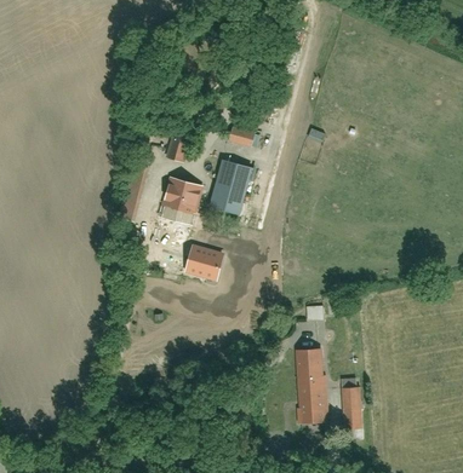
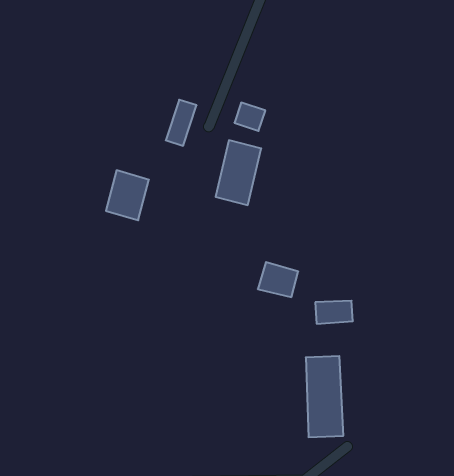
building: [160,177,199,221] -> [106,170,149,220]
building: [184,244,221,276] -> [258,262,298,297]
building: [344,387,365,429] -> none

